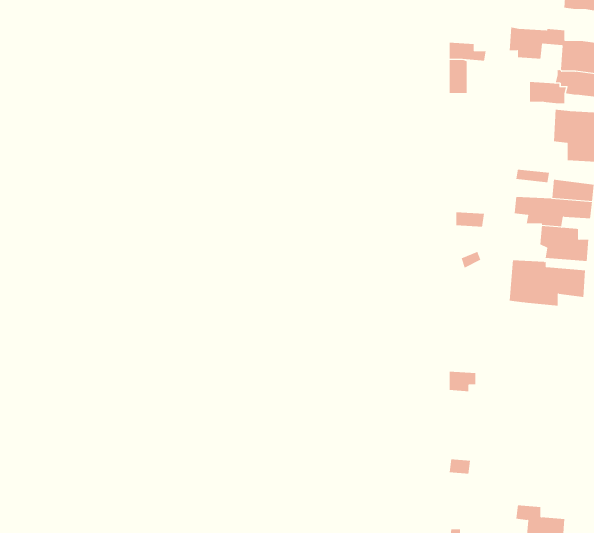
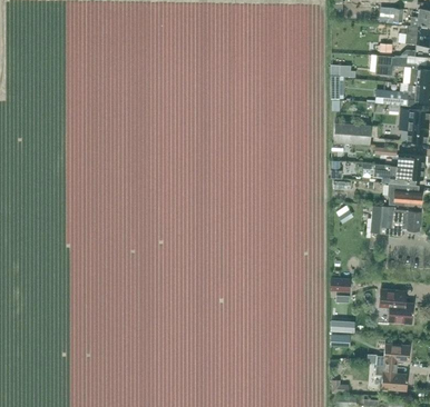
building: none -> [333,122,371,143]
building: none -> [380,289,413,322]
building: none -> [375,343,409,366]

